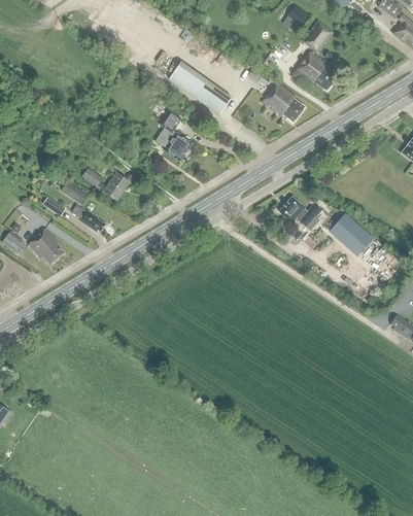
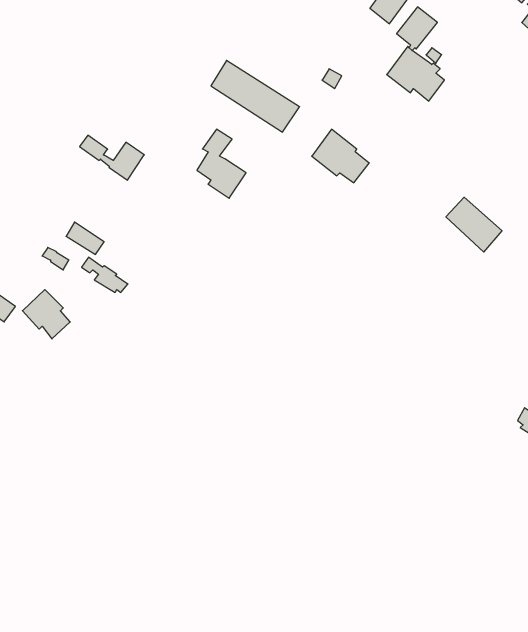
building: [262,82,304,122] -> [312,129,369,183]
building: [81,168,129,201] -> [80,135,144,180]
building: [278,197,320,227] -> none
building: [333,212,374,252] -> [446,197,502,252]

